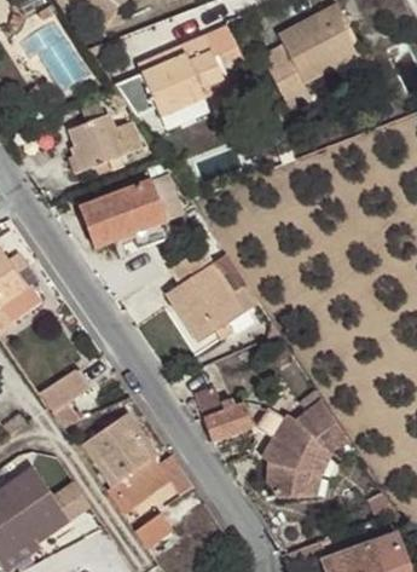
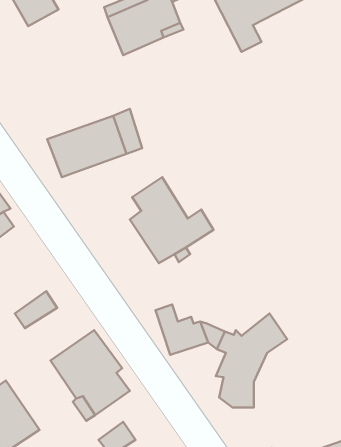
building: [66,115,140,175] -> none
building: [301,422,346,496] -> none

